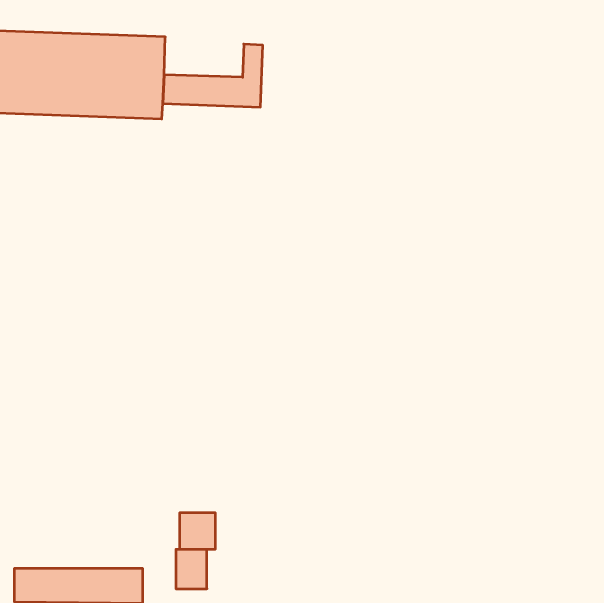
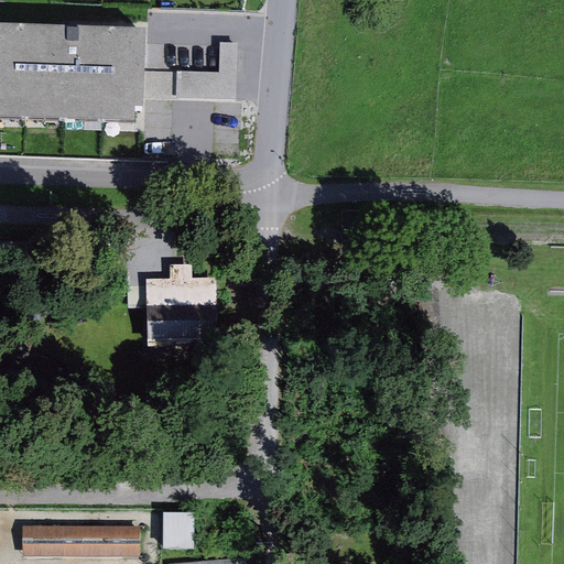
building: none -> [143,260,217,346]
building: [180,513,215,549] -> none

